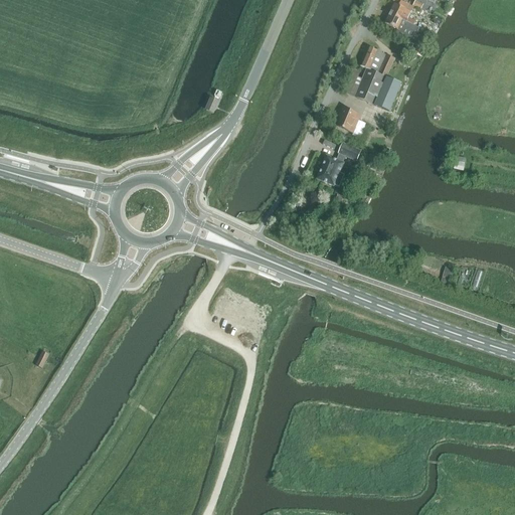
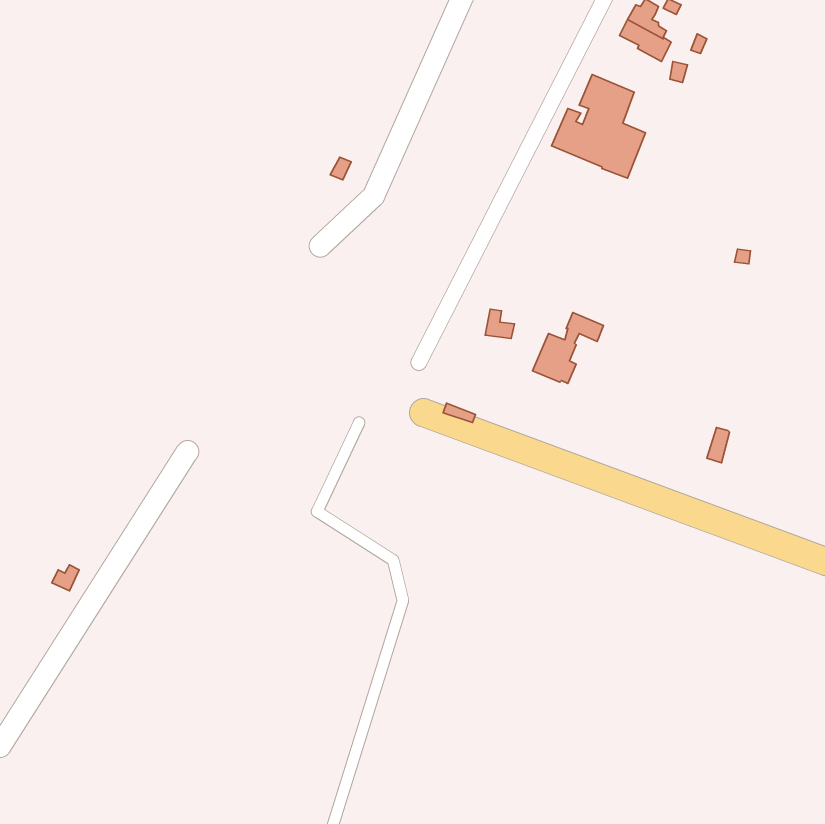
building: [337,107,361,132] -> none
building: [318,142,362,186] -> [532,312,604,384]

